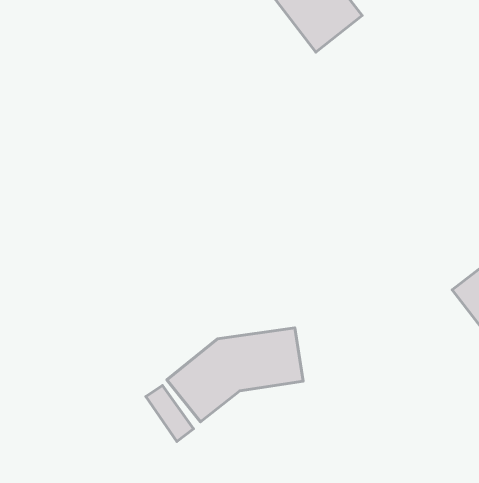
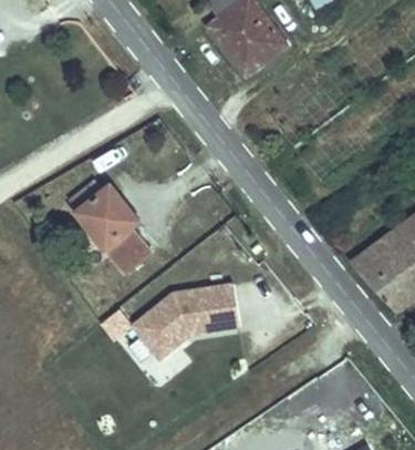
building: none -> [72,178,145,277]

